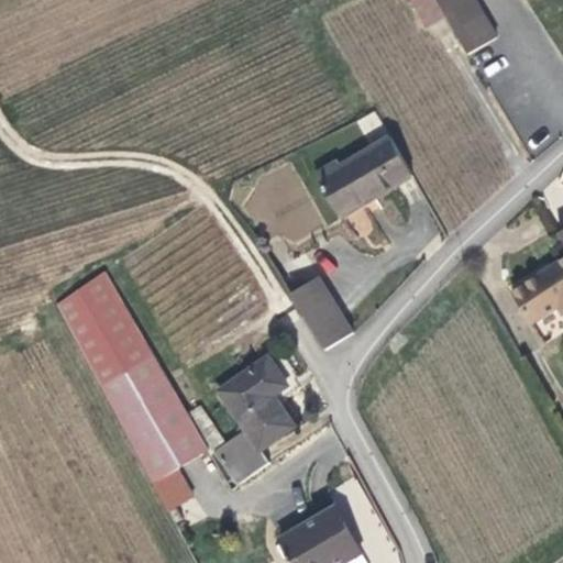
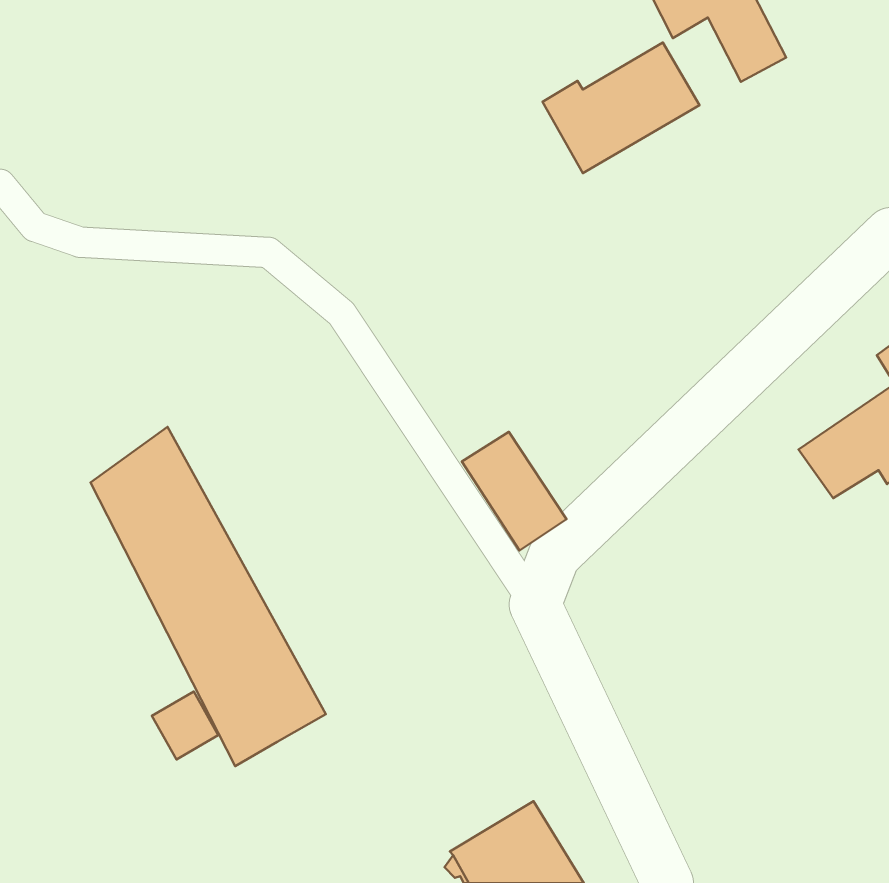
building: [310,137,409,220] -> [543,43,700,173]
building: [219,355,292,487] -> none
building: [150,468,191,511] -> [152,692,218,759]

